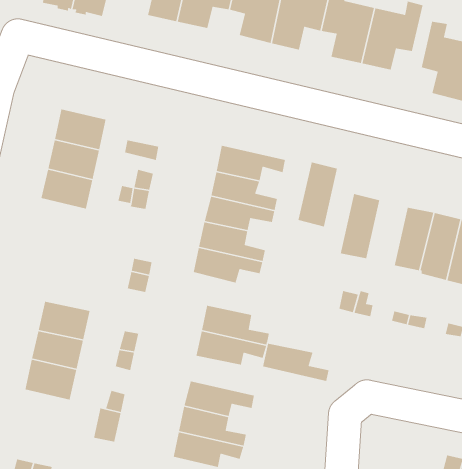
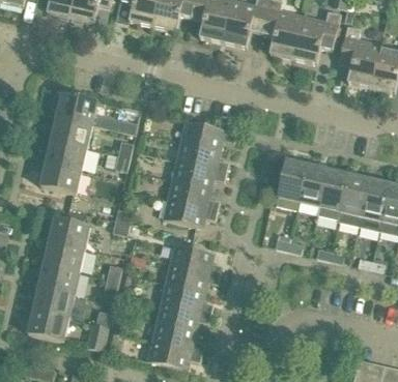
building: [298,161,338,227] -> [296,164,328,214]
building: none -> [39,163,81,195]
building: none -> [49,217,89,248]
building: [262,343,330,382] -> [161,284,212,314]
building: none -> [28,310,68,342]

